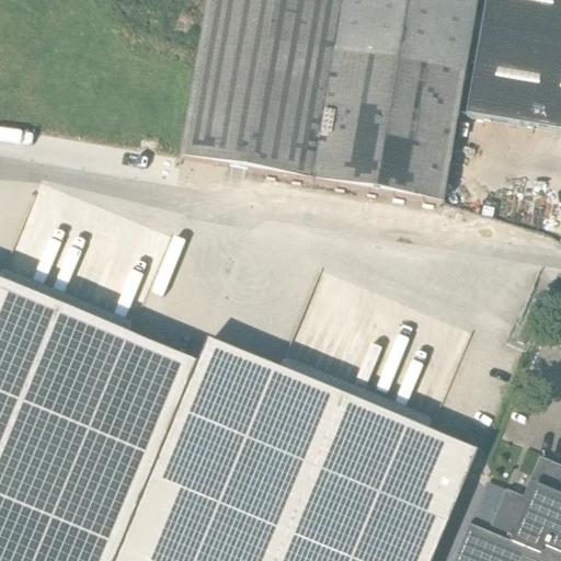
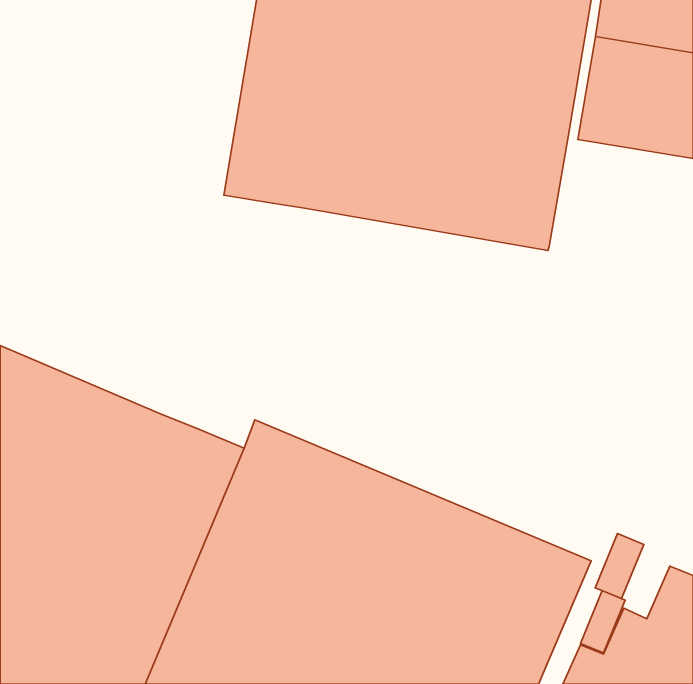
building: none -> [595,534,644,598]

